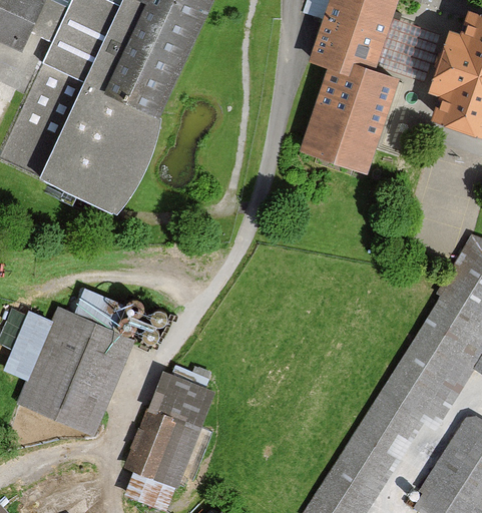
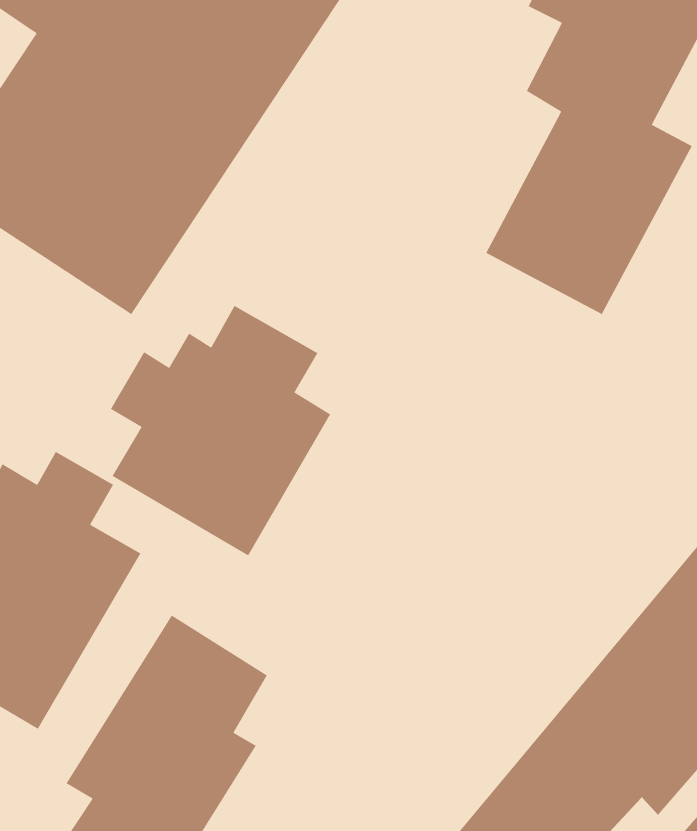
building: none -> [110,305,331,557]

